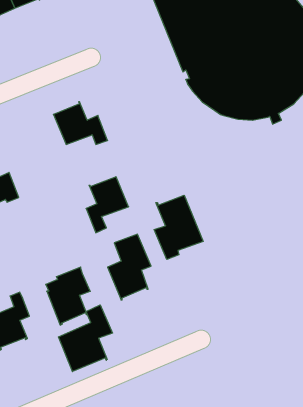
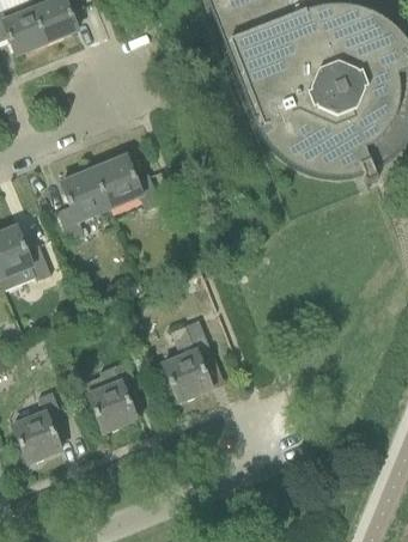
building: [86,177,129,233] -> [57,171,110,240]
building: [154,195,203,259] -> none
building: [59,305,113,372] -> none

